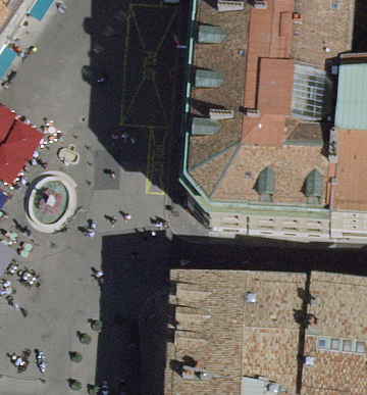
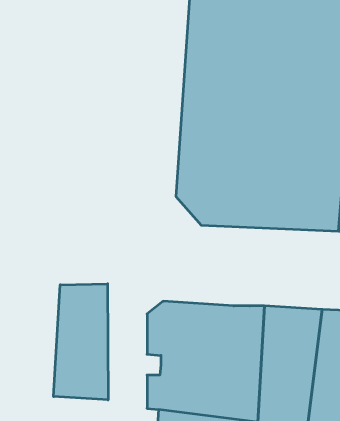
building: none -> [54,284,108,400]

